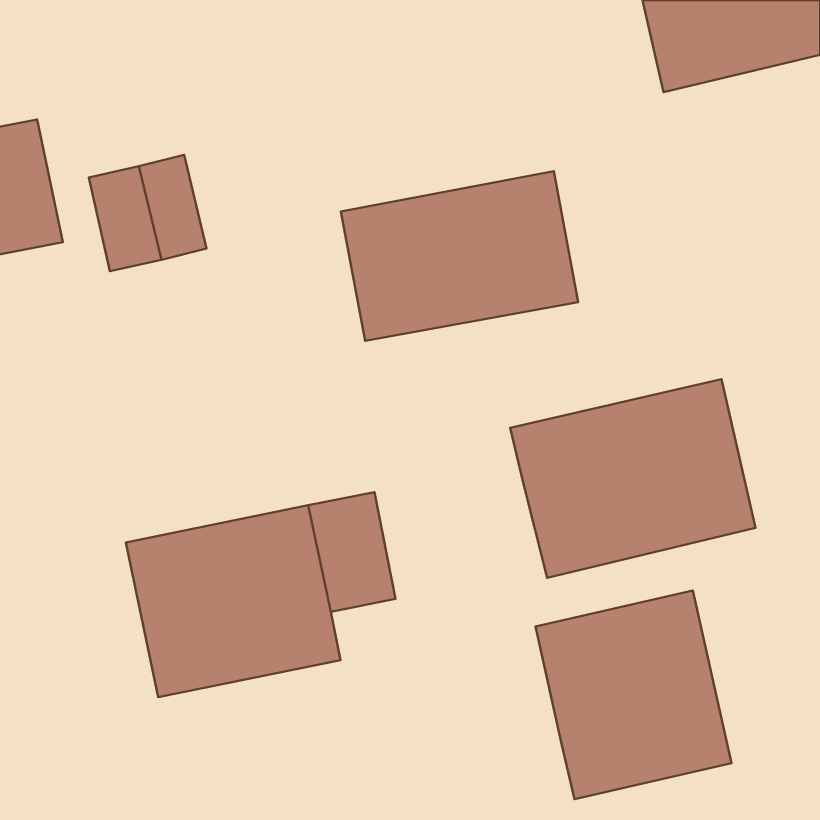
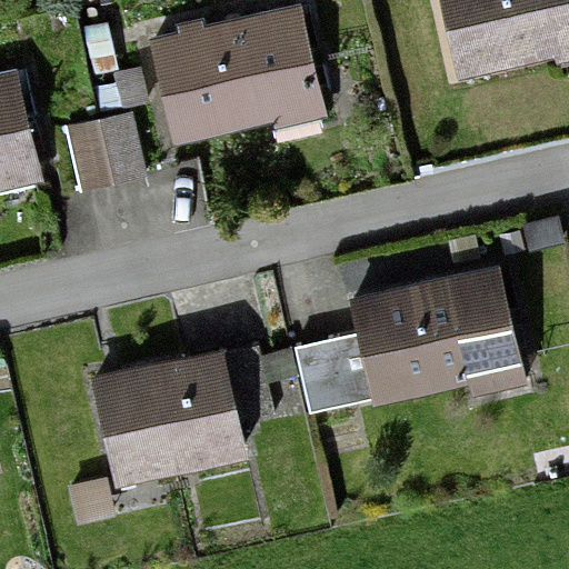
building: [341,171,578,341] -> [162,26,326,142]
building: none -> [295,335,377,418]
building: [535,590,732,799] -> none

